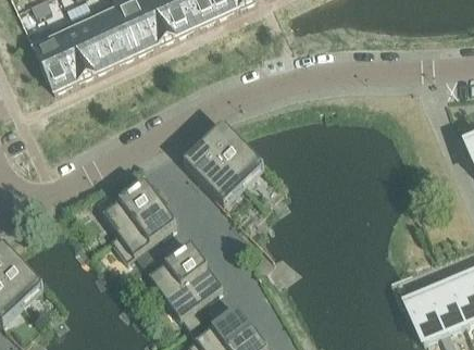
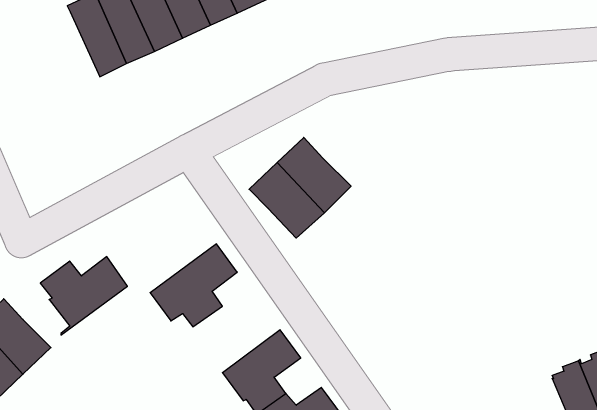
building: [33,33,75,89] -> none
building: [97,182,161,239] -> [40,257,127,335]
building: [144,245,208,298] -> none

